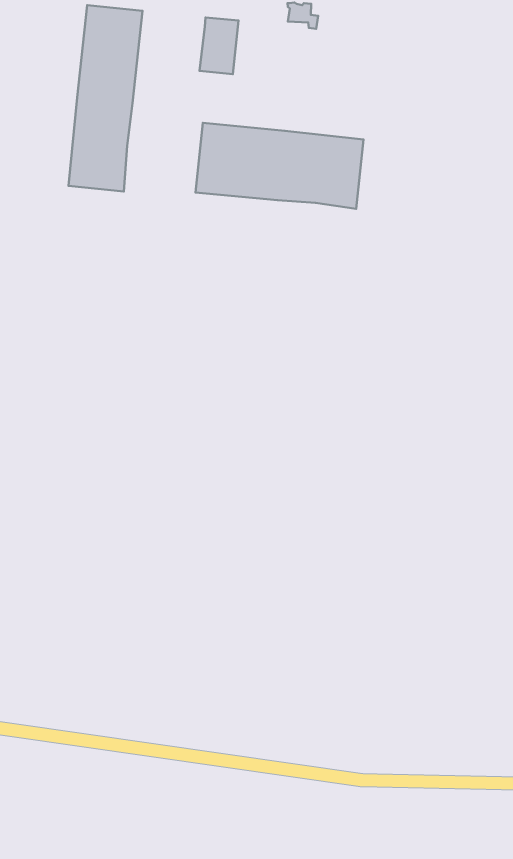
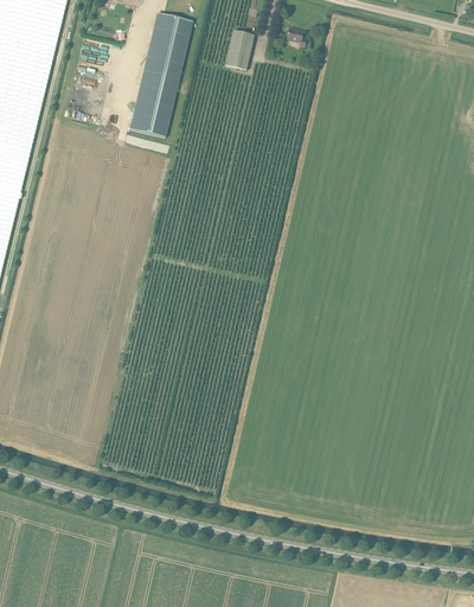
building: [195,123,363,209] -> none

